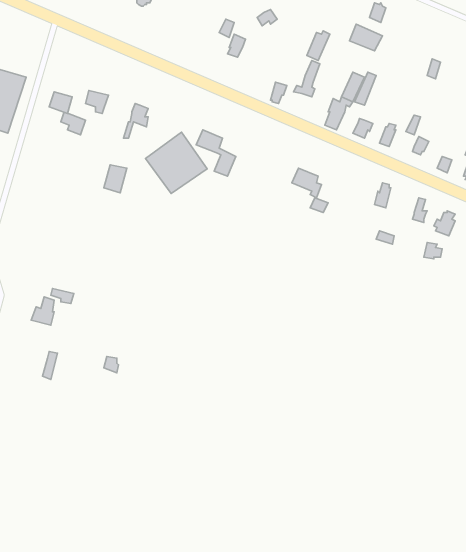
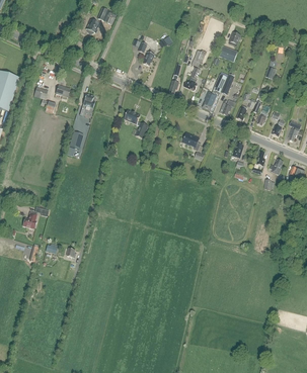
building: [146,132,207,194] -> none

